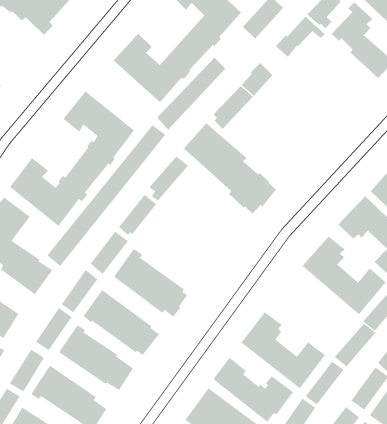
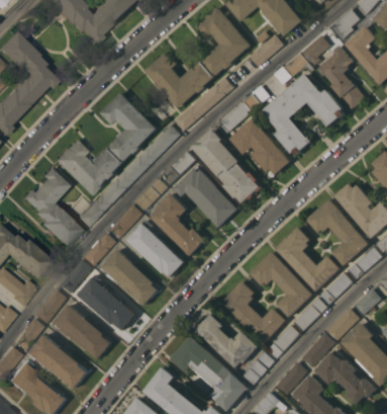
building: none -> [263,73,345,155]
building: none -> [230,117,291,174]
building: none -> [174,167,238,227]
building: none -> [152,193,206,255]
building: none -> [251,251,313,317]

